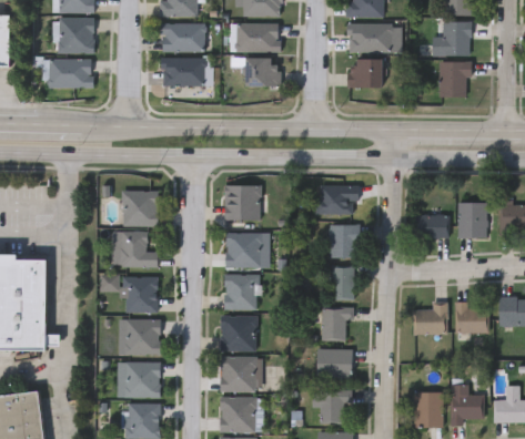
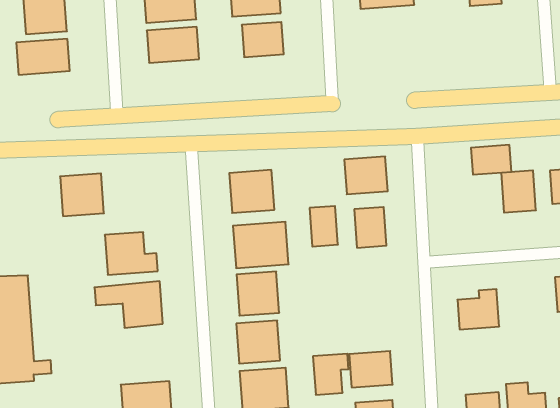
building: [349,60,381,88] -> none
building: [440,62,470,98] -> none
building: [122,190,158,224] -> [60,173,104,216]
building: [415,214,448,237] -> [471,145,511,175]
building: [332,266,354,299] -> [310,206,338,247]
building: [455,302,488,333] -> none
building: [322,307,352,340] -> [313,354,349,395]
building: [118,318,160,354] -> none

